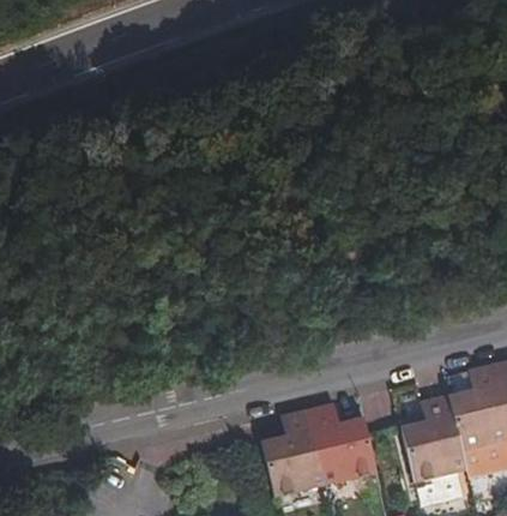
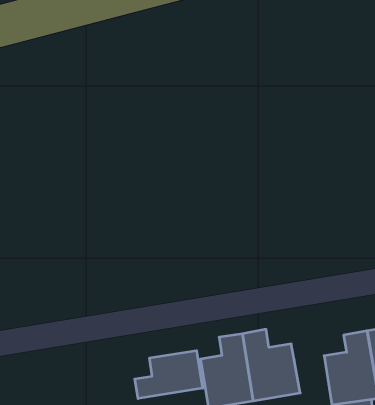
building: none -> [135,351,203,399]

